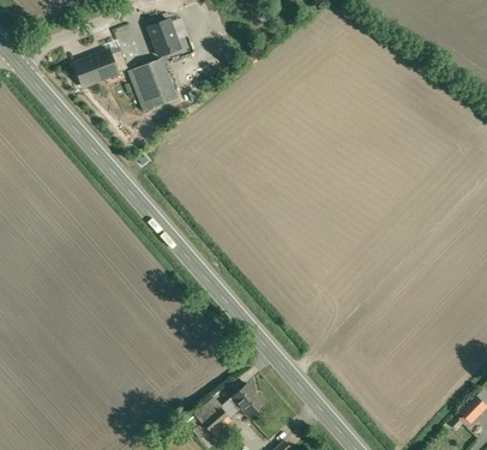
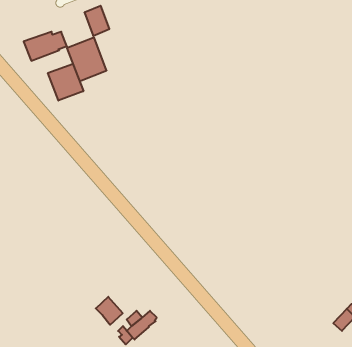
building: none -> [48,64,83,101]
building: [232,383,265,418] -> [96,297,123,325]

